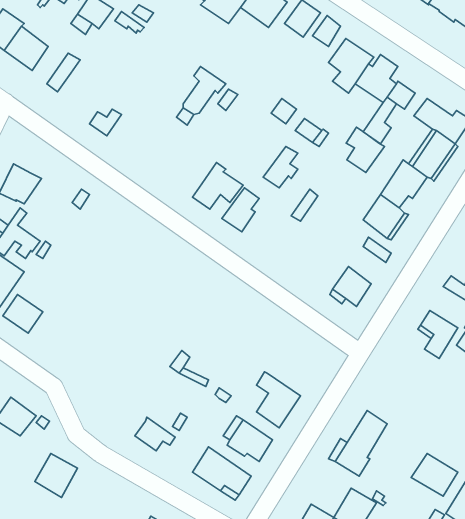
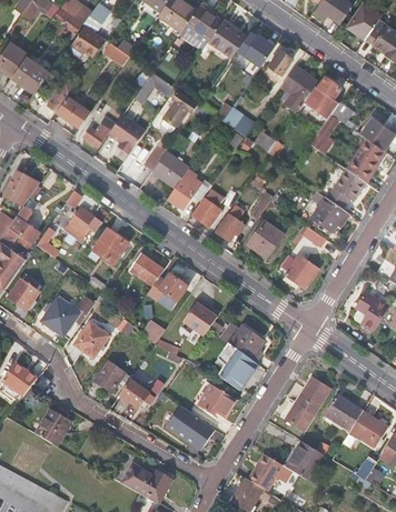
building: none -> [135,72,170,102]
building: none -> [55,94,89,126]
building: none -> [107,114,143,154]
building: [346,127,384,172] -> none
building: none -> [150,152,187,187]
building: [263,146,298,188] -> [215,207,244,241]
building: none -> [70,208,108,234]
building: none -> [247,222,283,259]
building: none -> [92,229,128,265]
building: none -> [130,253,165,285]
building: none -> [159,274,187,309]
building: none -> [41,297,80,337]
building: none -> [180,298,218,335]
building: none -> [75,322,109,358]
building: none -> [229,327,264,363]
building: none -> [93,361,131,393]
building: none -> [323,394,363,434]

